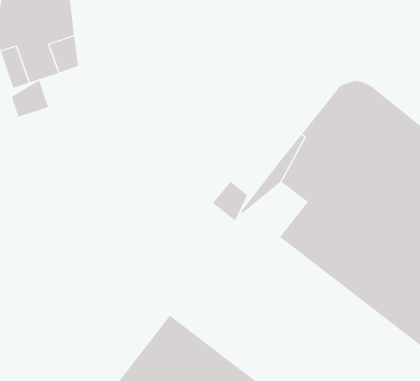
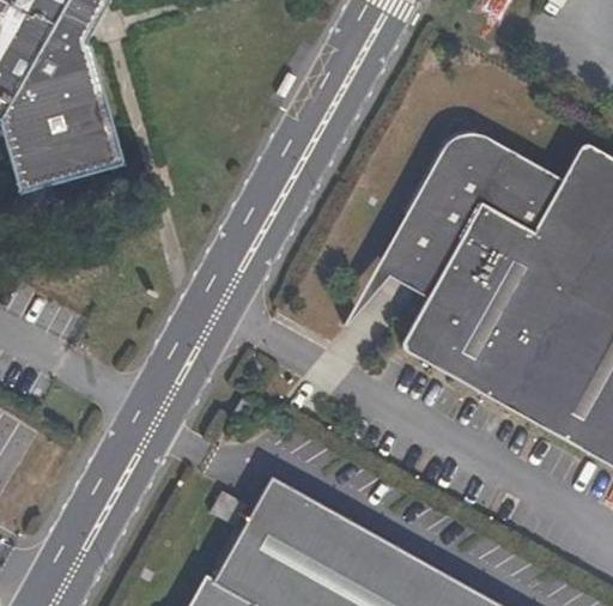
building: [11,80,49,118] -> none
building: [212,181,248,221] -> none

